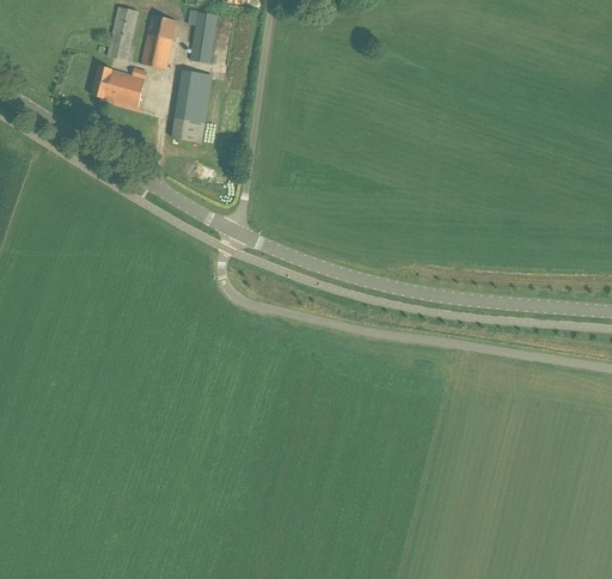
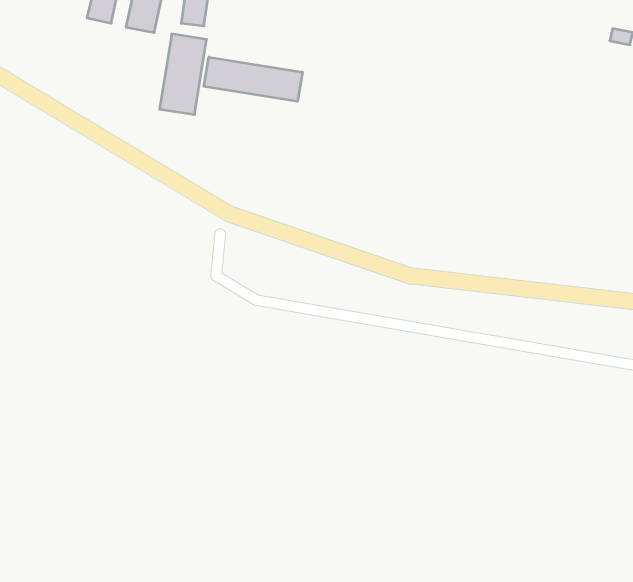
building: [92,66,147,109] -> none
building: none -> [204,57,302,101]

